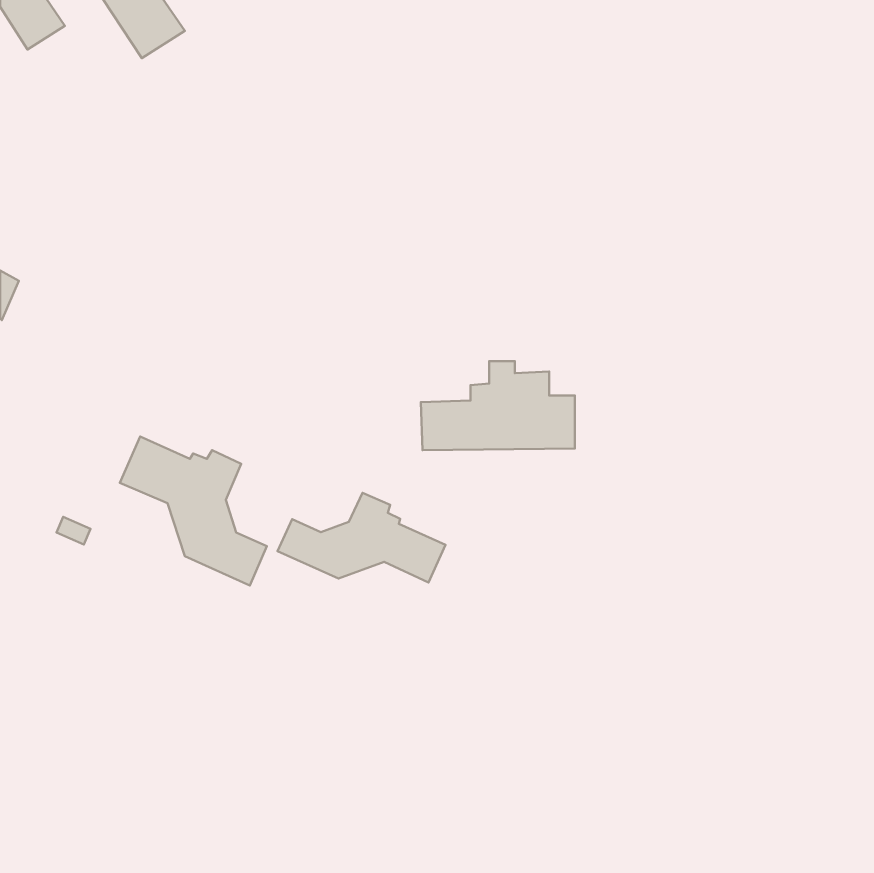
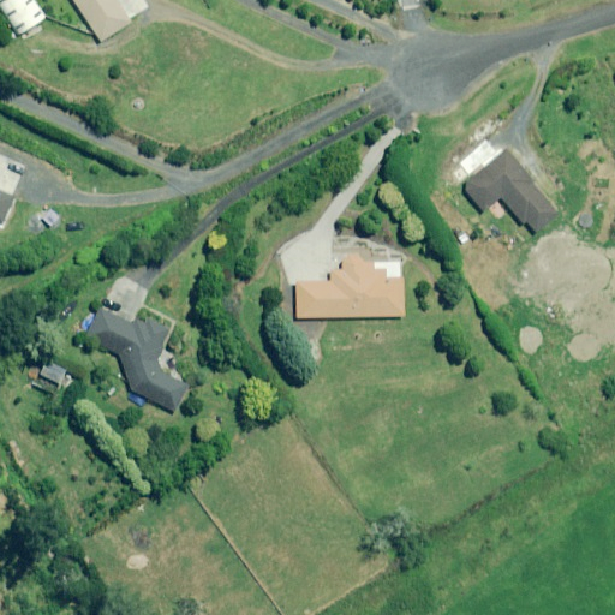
building: none -> [462,147,557,231]
building: [277,493,446,582] -> none

